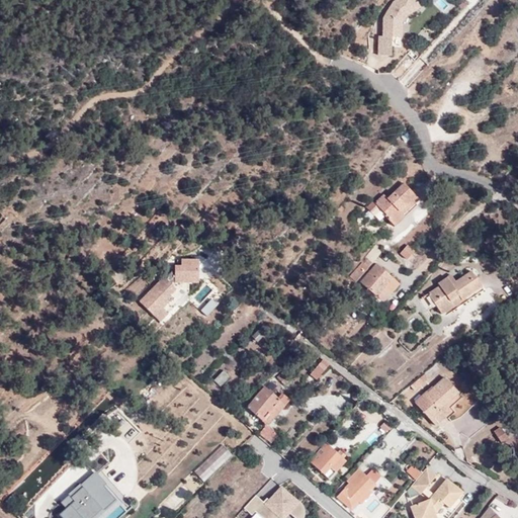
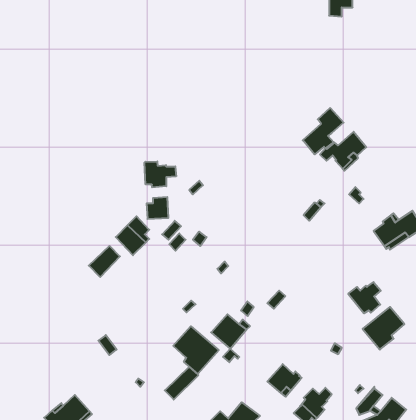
building: none -> [303,108,344,154]
building: none -> [145,161,176,187]
building: [360,264,393,301] -> none
building: none -> [89,246,120,277]
building: none -> [349,282,381,313]
building: none -> [173,326,219,374]

